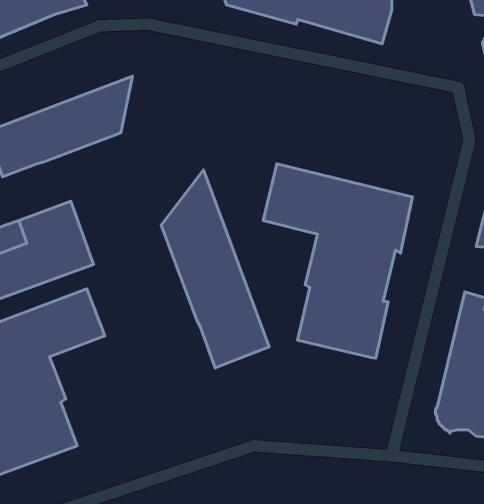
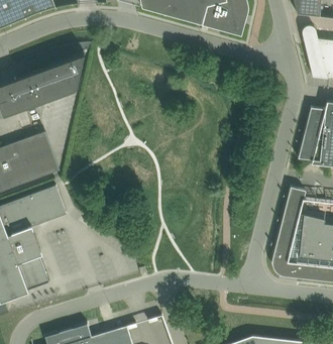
building: [263,164,413,358] -> none
building: [161,170,269,368] -> none

